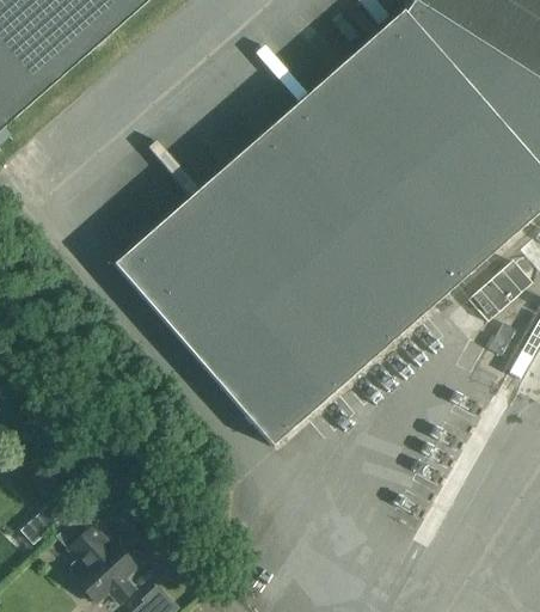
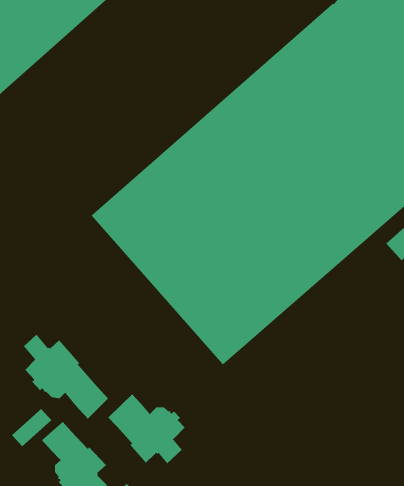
building: none -> [23,334,109,419]
building: none -> [107,393,186,464]

